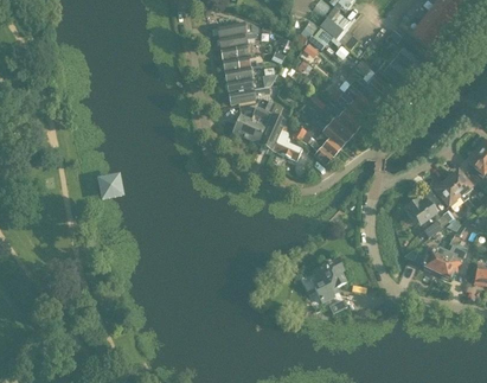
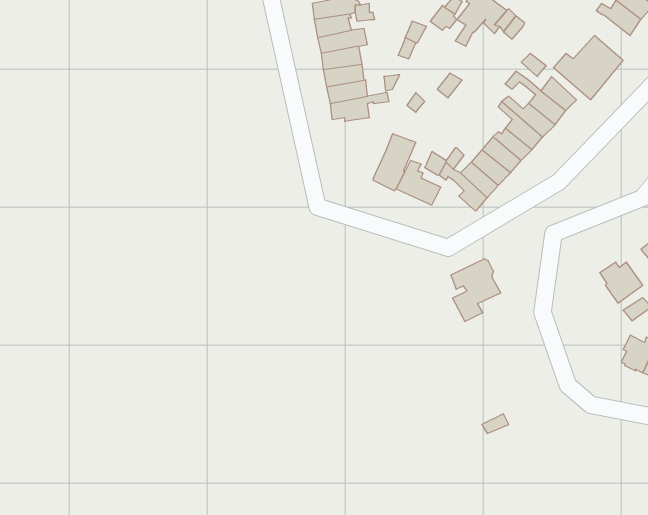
building: [232,106,270,142] -> none
building: [96,171,124,200] -> none
building: [313,260,346,301] -> [451,259,501,321]

